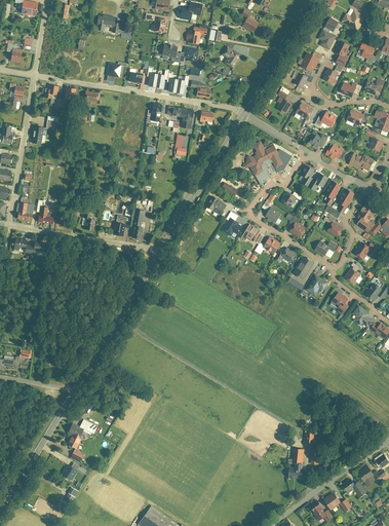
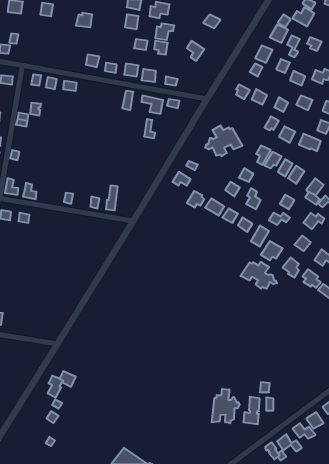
building: none -> [240,262,277,289]
building: none -> [212,389,240,423]

